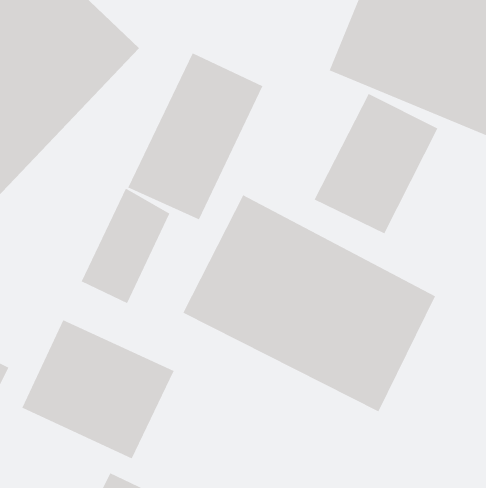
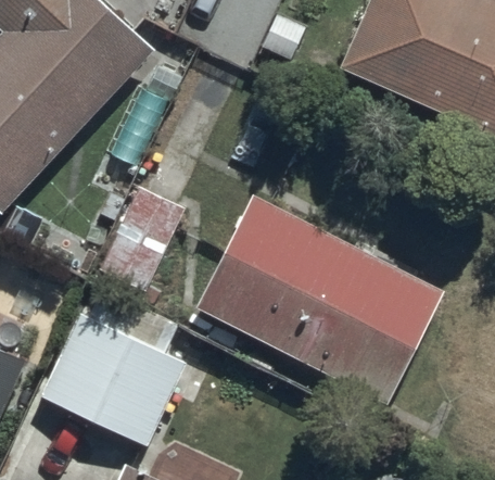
building: [128,52,263,220] -> none
building: [314,93,438,234] -> none

